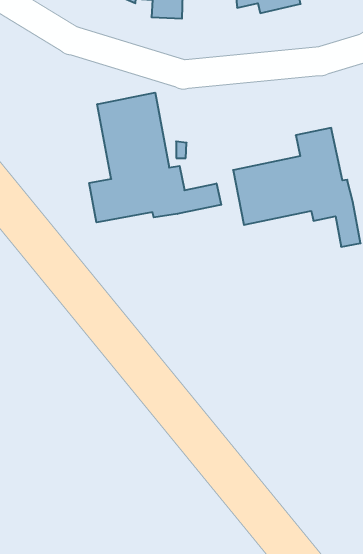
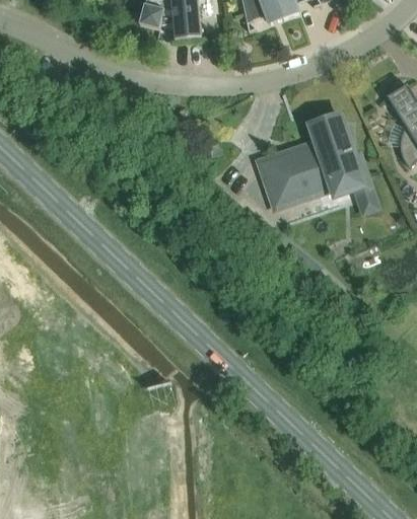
building: [89,93,221,222] -> none

